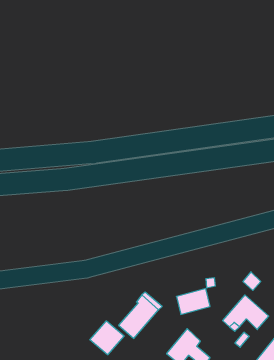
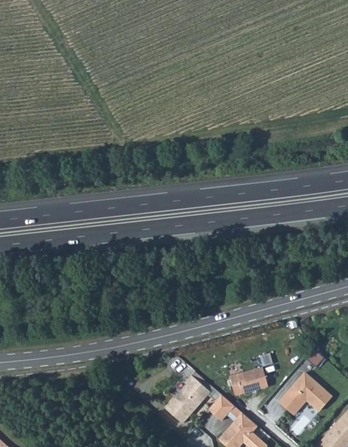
building: none -> [206,393,232,420]
building: [90,321,124,355] -> none

